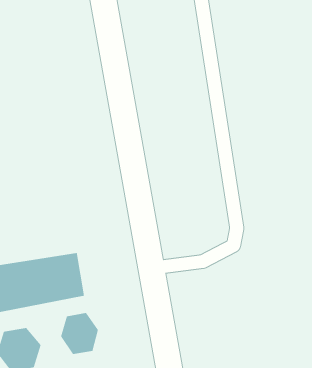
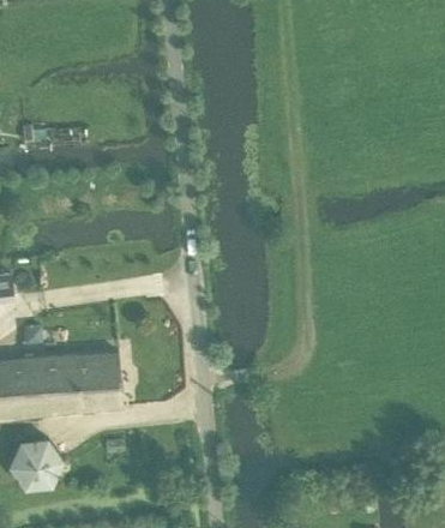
building: [60,312,99,355] -> none

